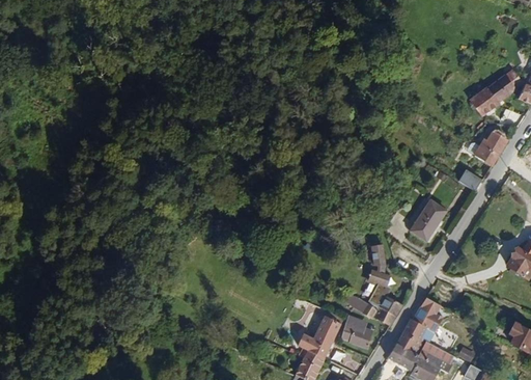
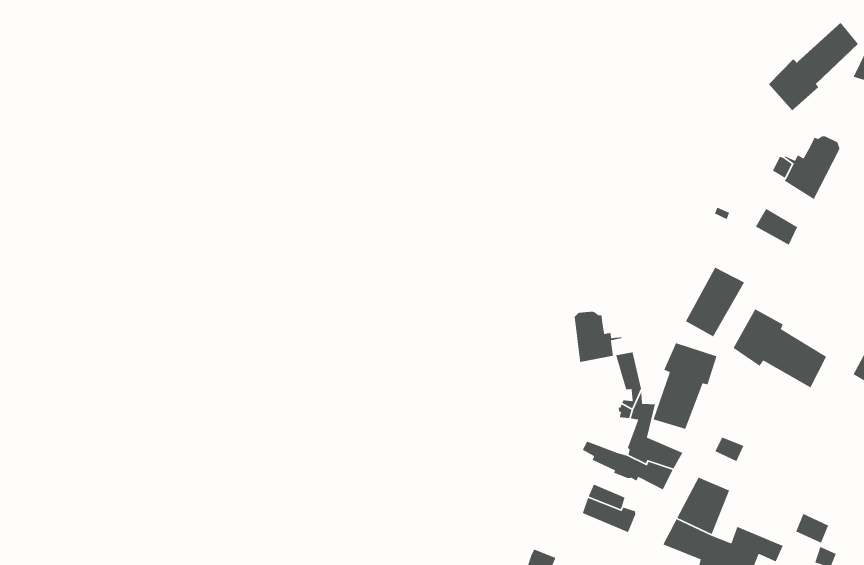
building: none -> [574,311,623,363]
building: none -> [733,308,827,389]
building: none -> [652,342,718,430]
building: [297,322,340,358] -> none

